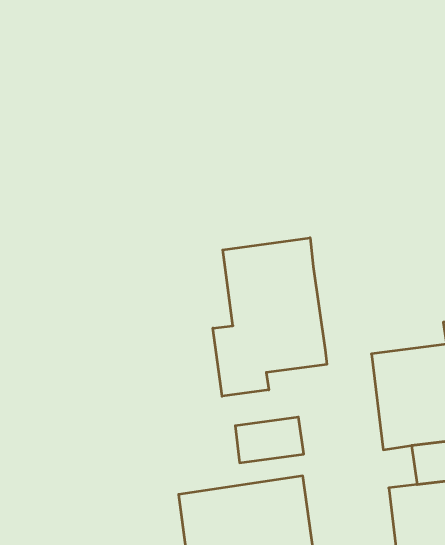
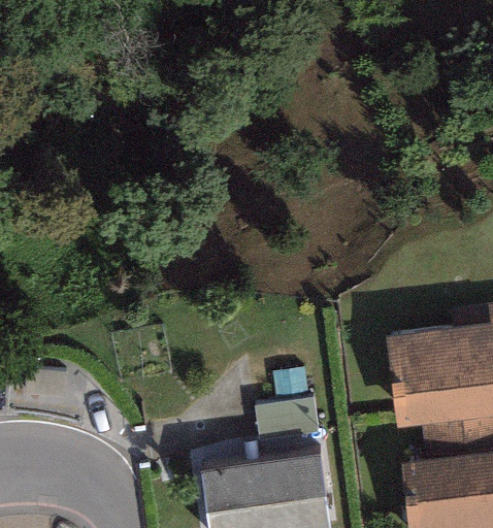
building: [213,238,327,396] -> none

